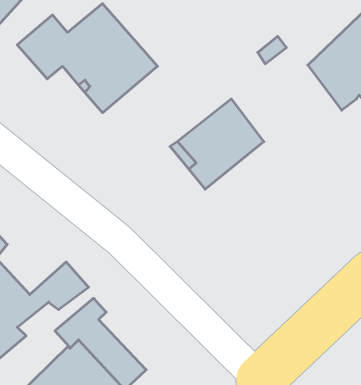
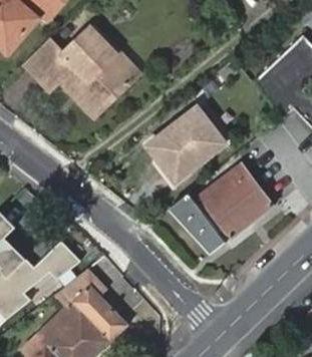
building: none -> [173,161,274,255]

